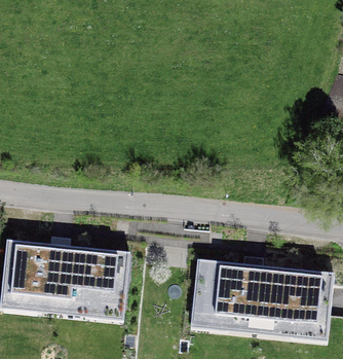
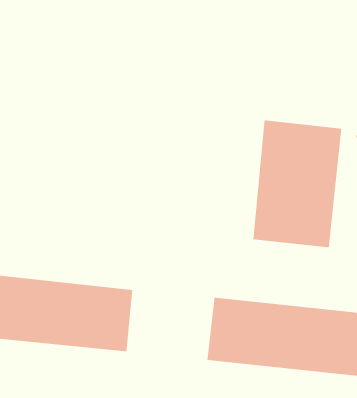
building: none -> [253,120,342,248]

